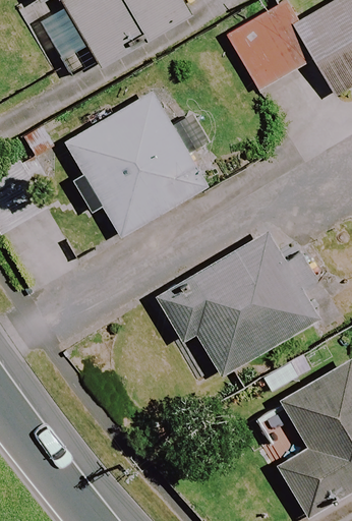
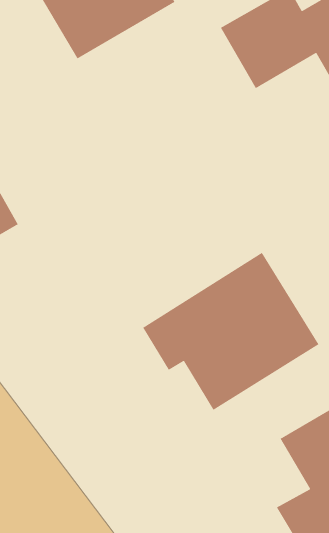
building: [64,90,207,235] -> none

